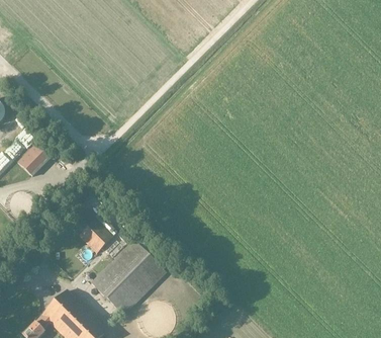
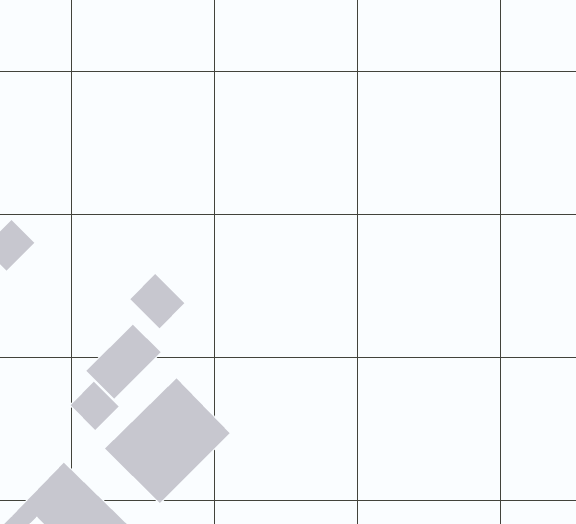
building: none -> [130,273,185,329]
building: none -> [70,381,120,431]

